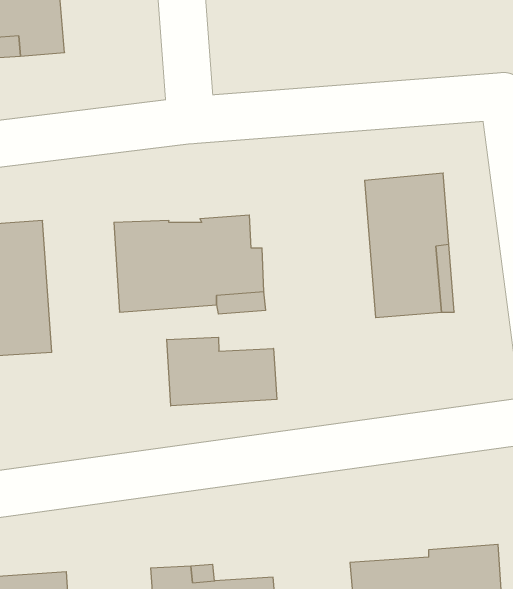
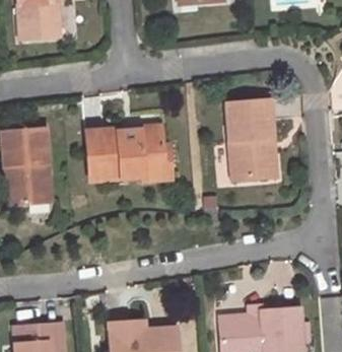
building: [167,337,277,406] -> none

